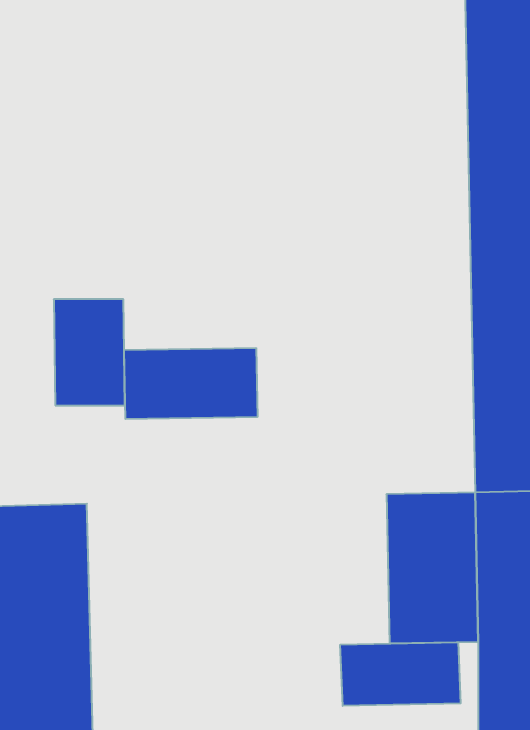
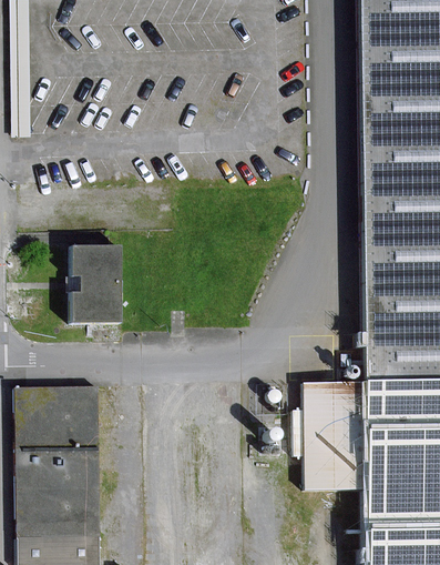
building: [124,348,257,419] -> none
building: [340,642,461,706] -> none

